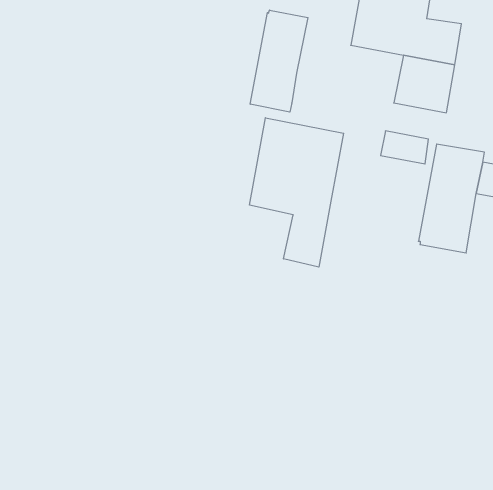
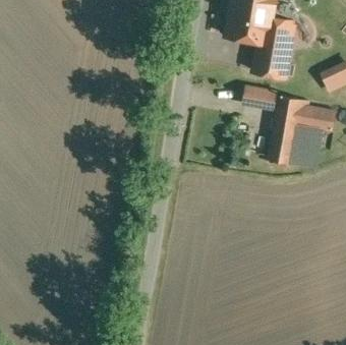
building: [250,10,308,112] -> none
building: [250,118,344,267] -> none

